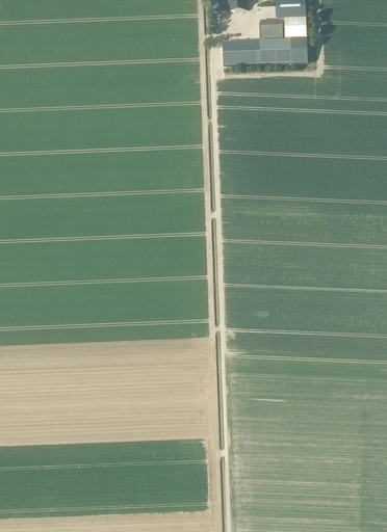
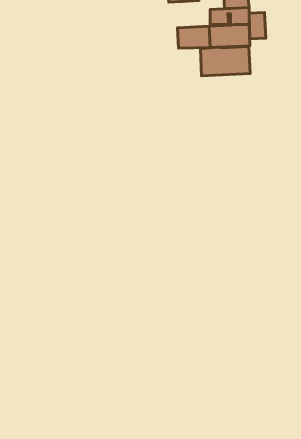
building: none -> [249,13,266,39]
building: none -> [200,47,250,76]

